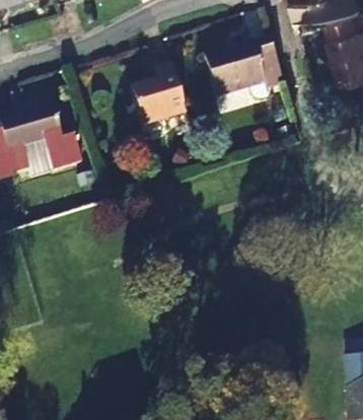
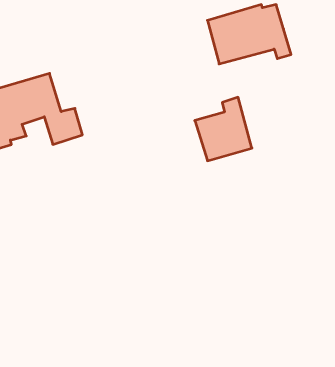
building: [129,65,184,126] -> [195,97,252,161]

